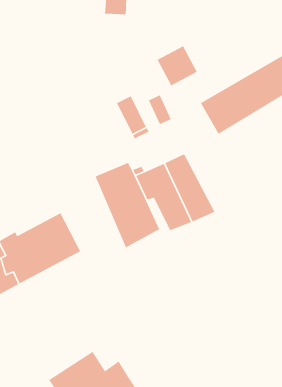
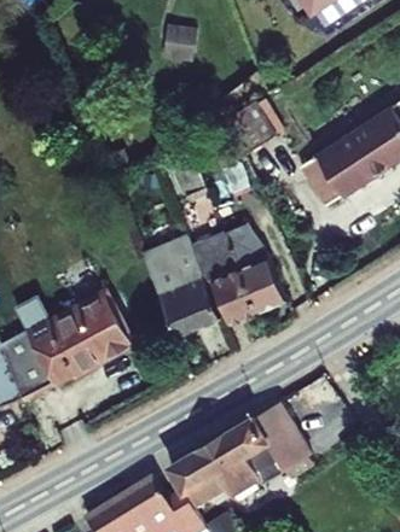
building: none -> [162,398,336,507]

